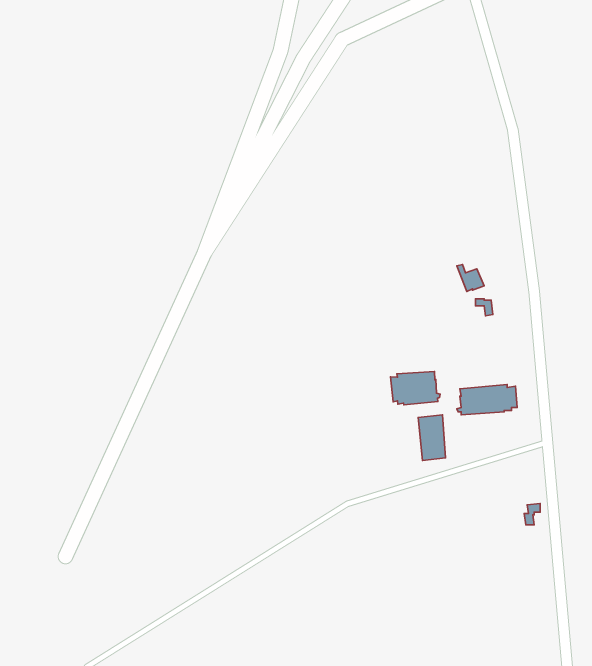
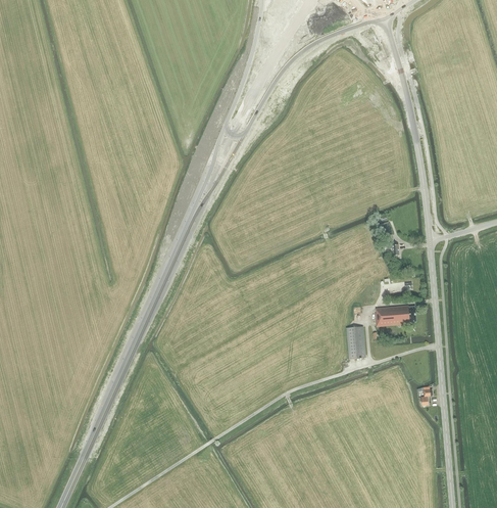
building: [391,371,440,405] -> none

